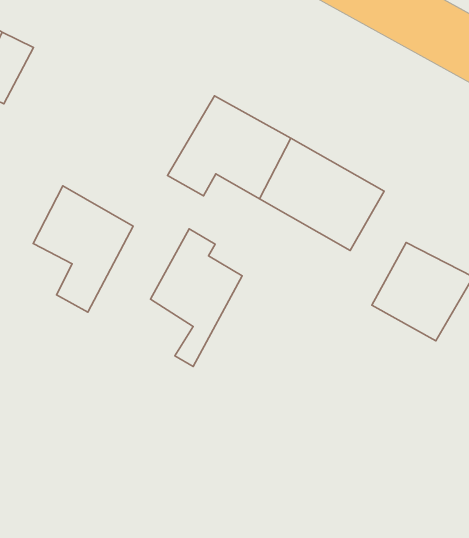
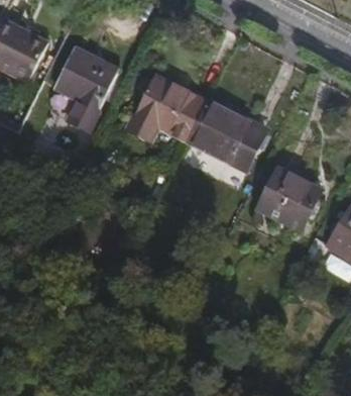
building: [33,186,133,312] -> [53,44,118,126]
building: [150,229,242,366] -> none

